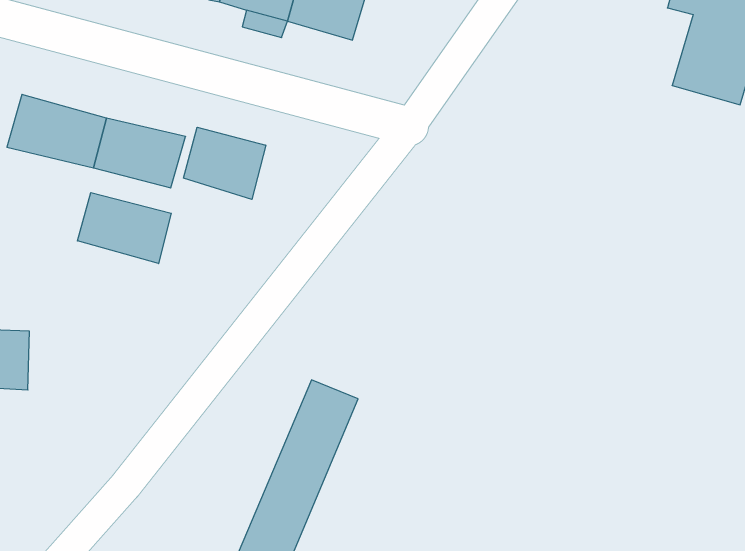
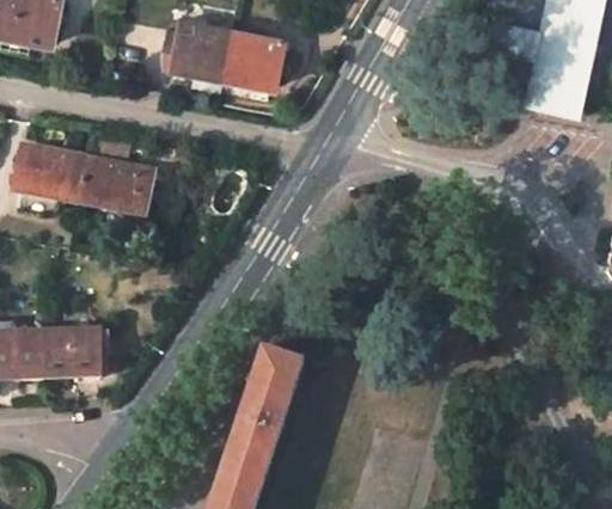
building: [184,127,266,199] -> none
building: [77,193,171,264] -> none
building: none -> [43,330,100,375]

